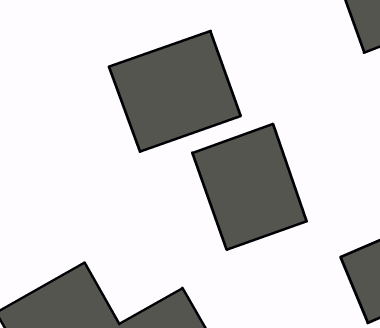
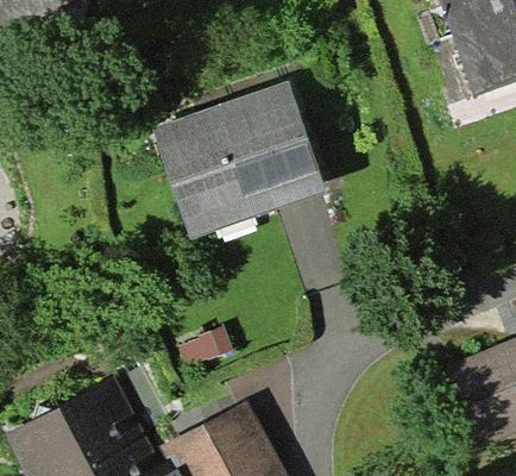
building: [192,124,307,250] -> none

